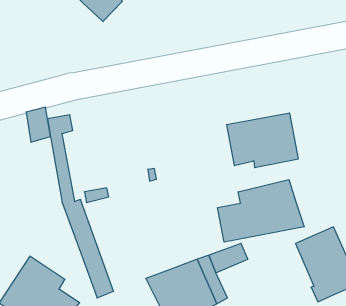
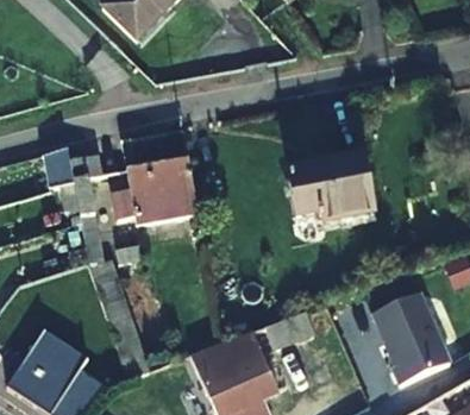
building: none -> [113,158,198,224]
building: [218,180,304,242] -> none

